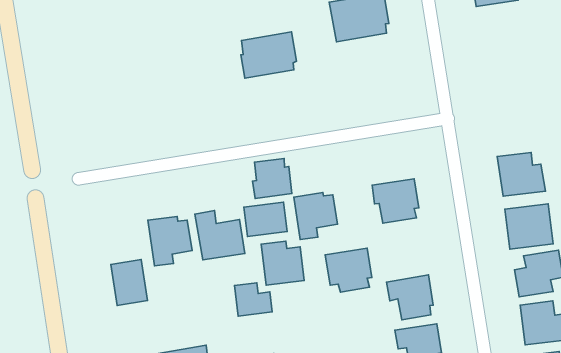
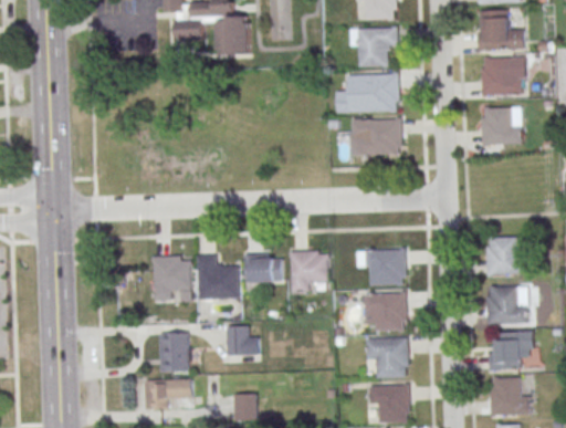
building: none -> [481,106,522,145]
building: [241,32,296,78] -> [349,117,400,155]
building: [252,159,292,198] -> none
building: [261,241,304,285] -> none
building: [325,248,372,292] -> [366,293,407,331]
building: [111,260,148,305] -> [159,332,189,372]

